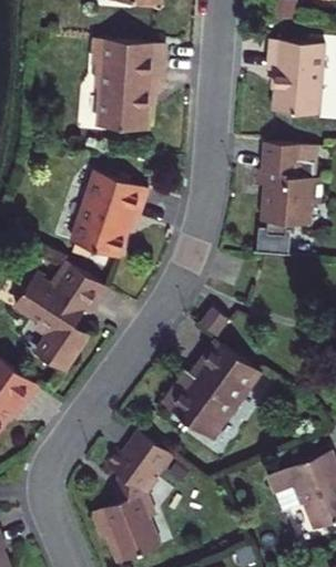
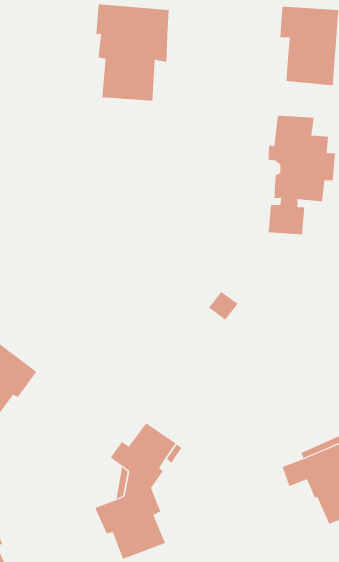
building: [70,173,147,260] -> none
building: [13,265,103,371] -> none
building: [162,340,261,441] -> none

